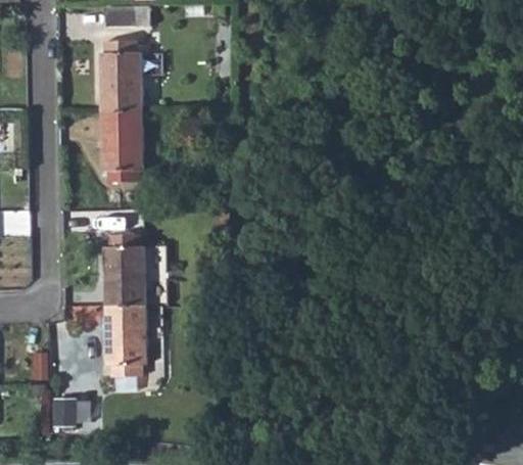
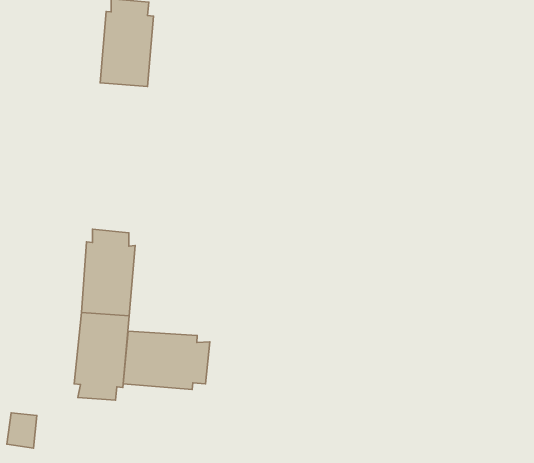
building: [101,114,142,186] -> none
building: none -> [123,331,210,390]

